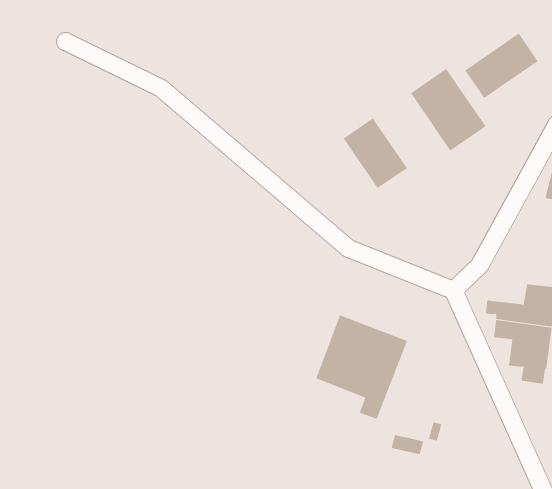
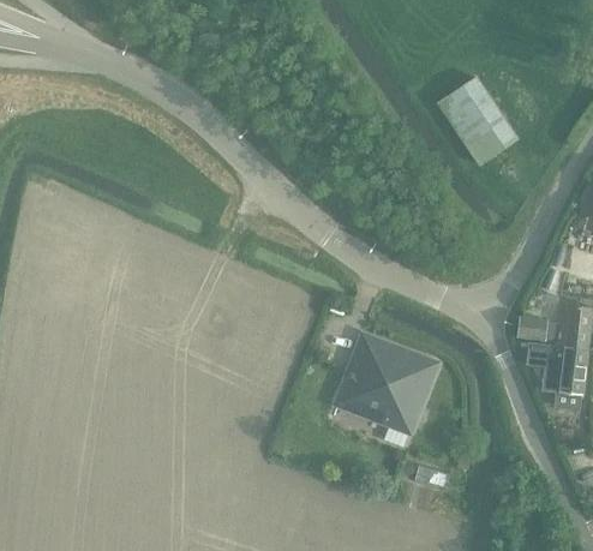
building: [464,33,539,99] -> none
building: [343,118,408,189] -> none

